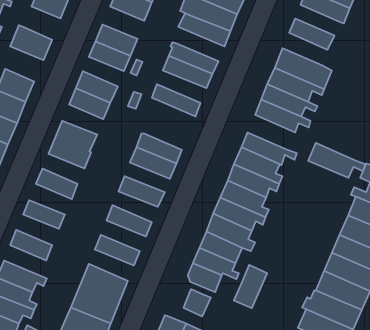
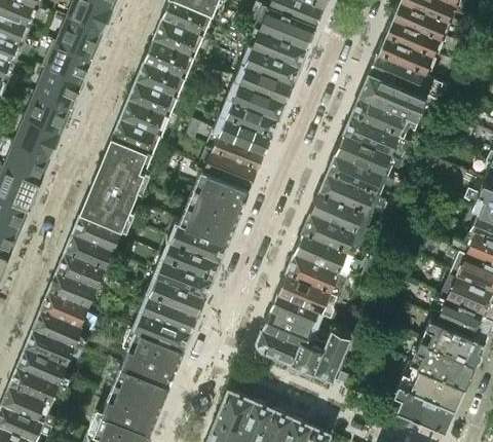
building: none -> [384,17,438,54]
building: none -> [56,20,102,60]
building: none -> [152,20,202,59]
building: none -> [236,44,299,85]
building: none -> [369,51,449,103]
building: none -> [35,70,81,110]
building: none -> [128,80,178,116]
building: none -> [218,97,277,136]
building: none -> [202,133,264,192]
building: none -> [104,138,153,174]
building: [308,143,365,178] -> [327,150,395,192]
building: none -> [80,197,130,233]
building: none -> [179,208,233,244]
building: none -> [64,233,115,270]
building: none -> [164,243,219,280]
building: none -> [48,270,100,307]
building: none -> [150,278,204,315]
building: none -> [34,307,88,347]
building: none -> [136,312,190,351]
building: [183,289,211,316] -> [288,341,320,374]

